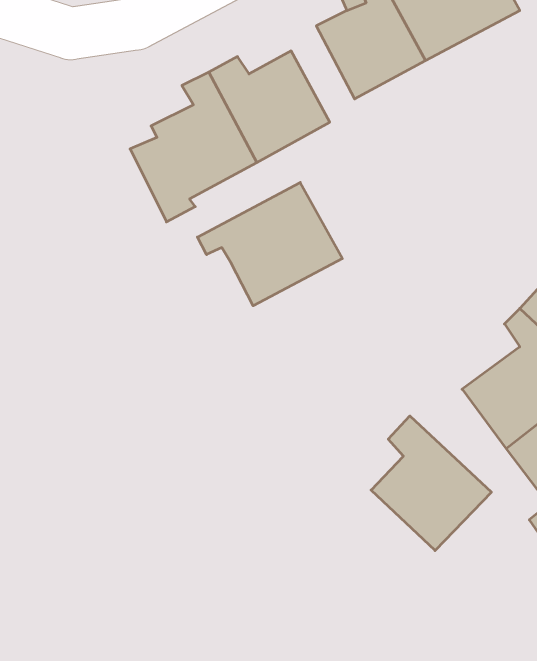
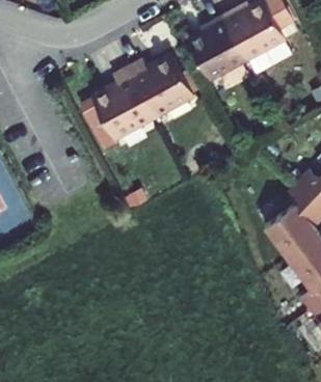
building: [197,182,342,306] -> none
building: [371,416,491,551] -> none

